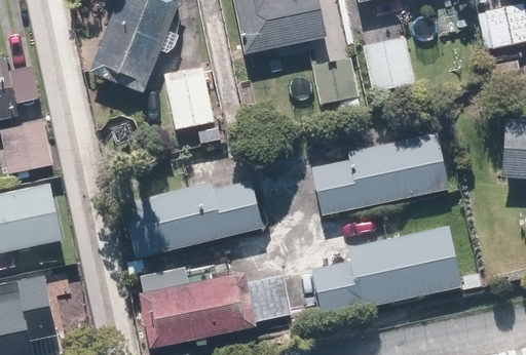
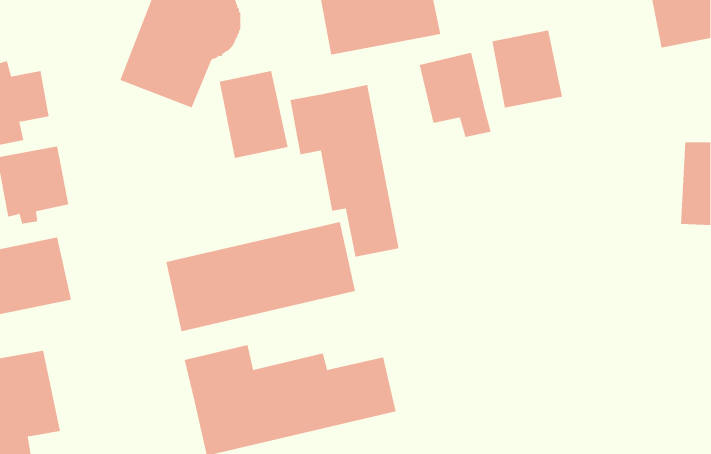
building: none -> [290,84,399,257]
building: [308,132,453,216] -> none
building: [309,228,462,315] -> none

